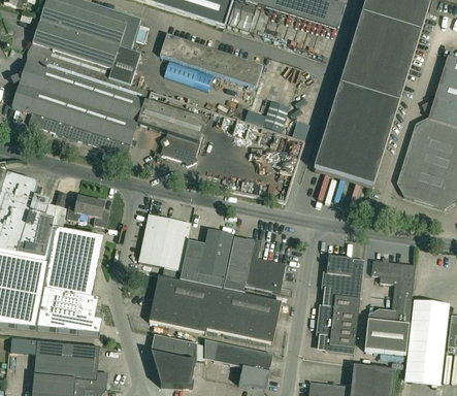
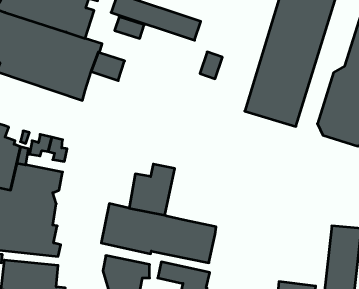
building: [162,110,206,164] -> none
building: [138,213,191,270] -> none
building: [224,237,286,293] -> none
building: [316,254,364,353] -> none
building: [364,260,416,353] -> none

